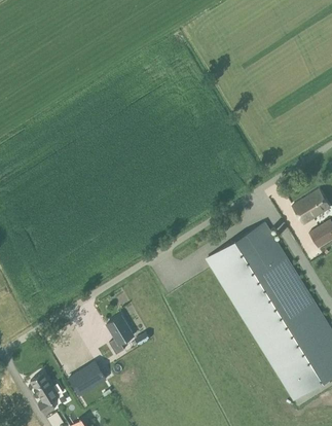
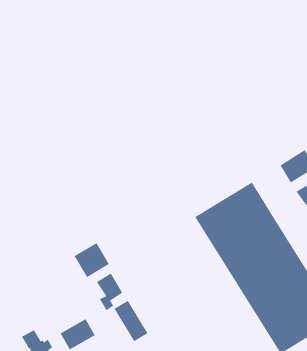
building: none -> [74,242,110,278]
building: none -> [113,300,149,342]

